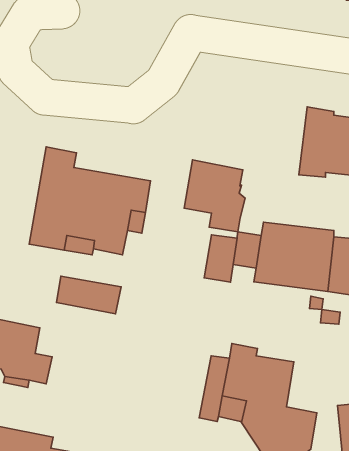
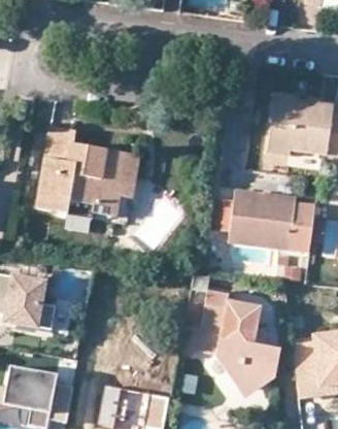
building: [184,160,245,232] -> none
building: [204,235,237,282] -> none
building: [57,276,121,314] -> none

